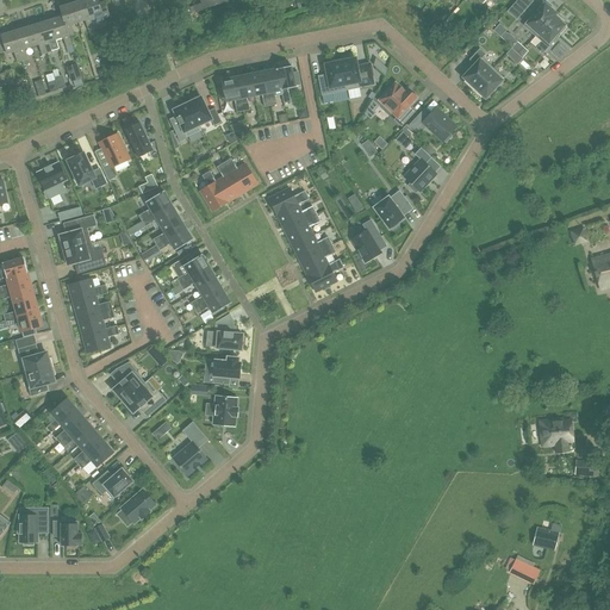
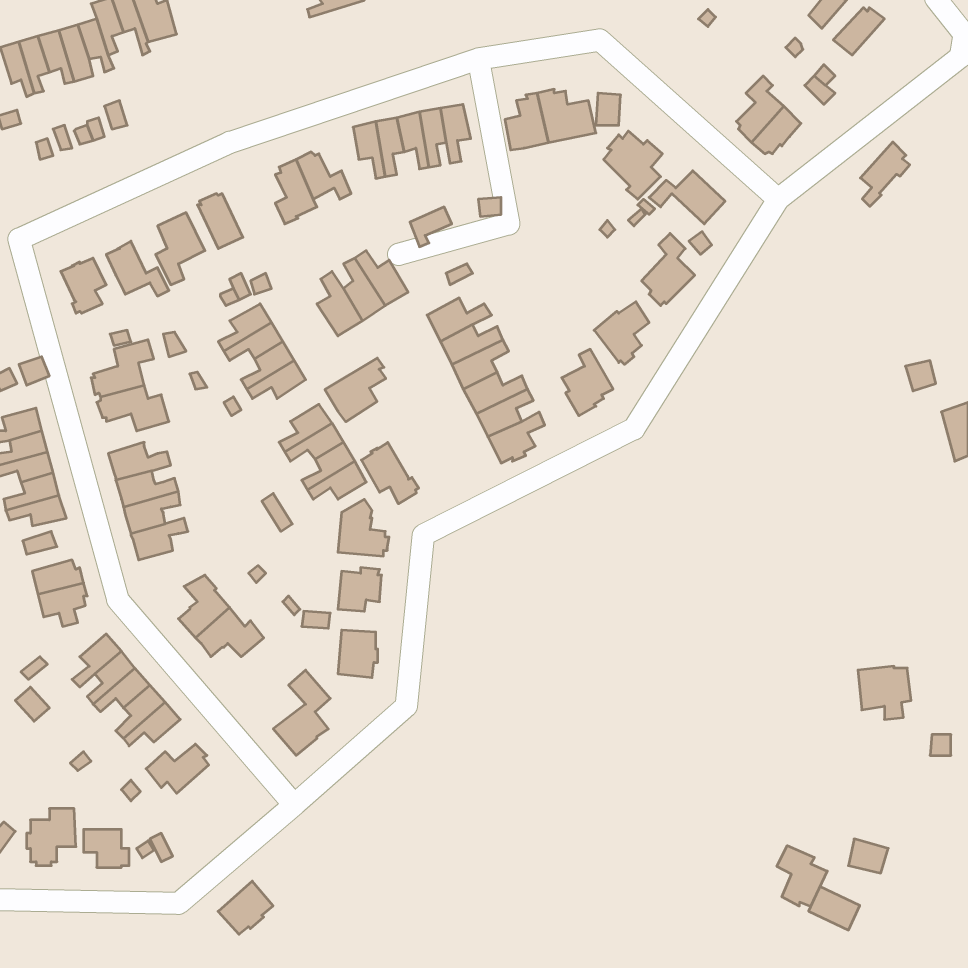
building: [535,12,566,52] -> [860,142,910,206]
building: none -> [325,358,386,422]
building: none -> [361,442,419,504]
building: [120,488,155,522] -> [218,881,273,934]
building: none -> [777,846,827,907]

